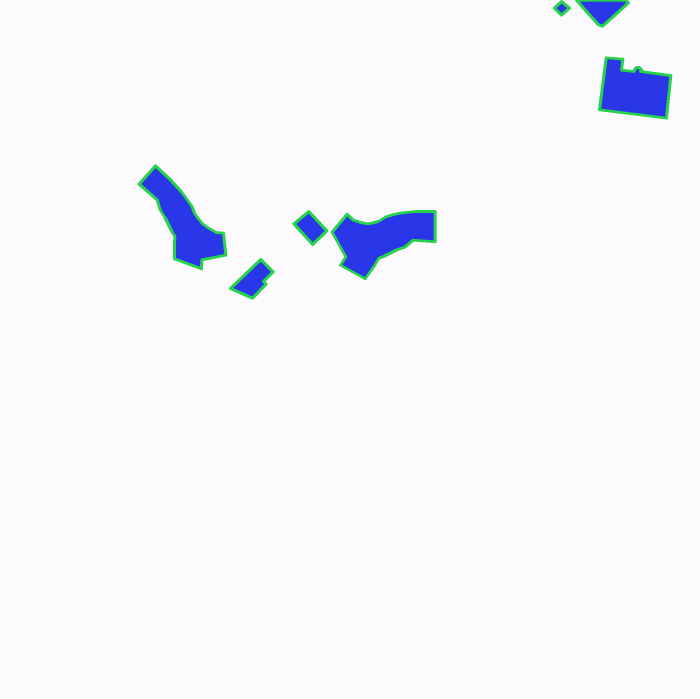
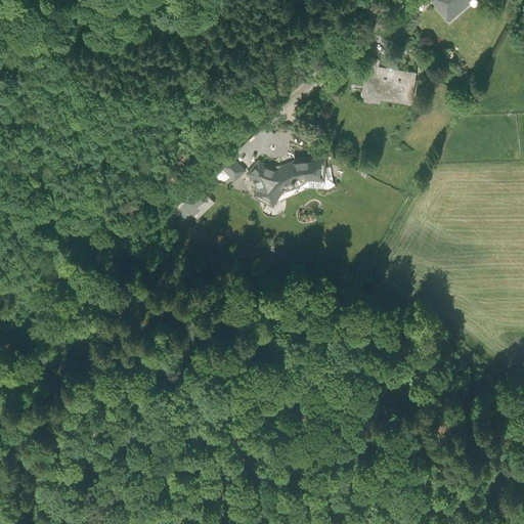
building: [599,58,671,118] -> [365,53,419,98]
building: [139,166,226,269] -> none

